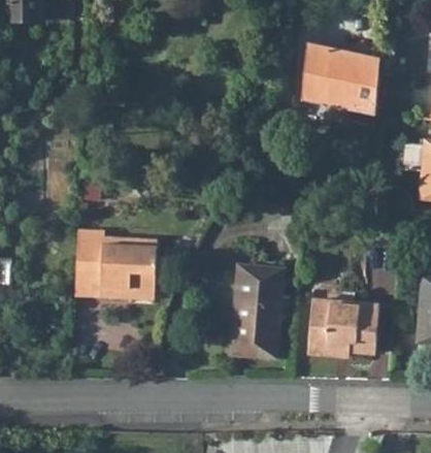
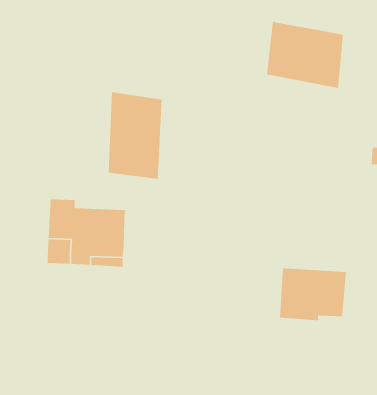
building: none -> [108,91,163,180]
building: [234,269,286,361] -> none

